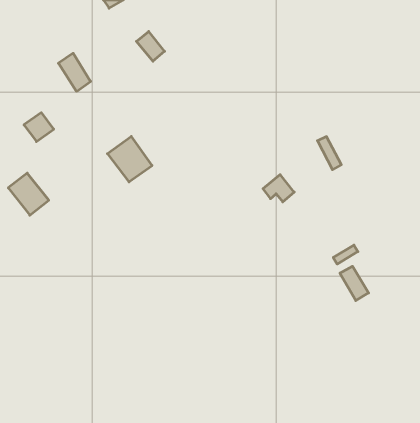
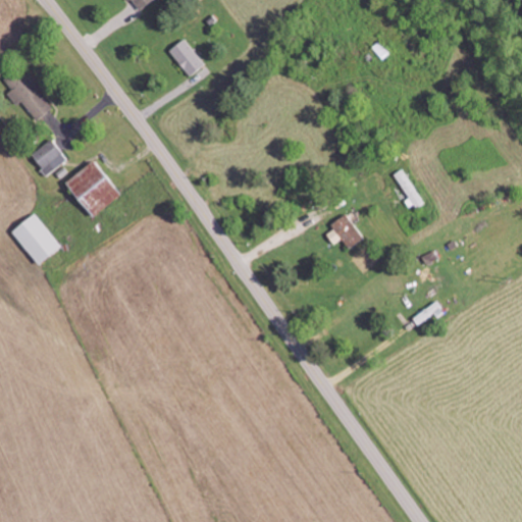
building: [58,53,91,91] -> [12,73,52,120]
building: [107,136,152,182] -> [65,159,120,215]
building: [340,266,369,301] -> none

